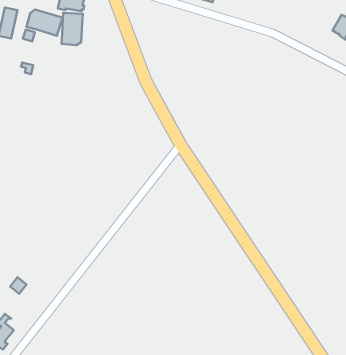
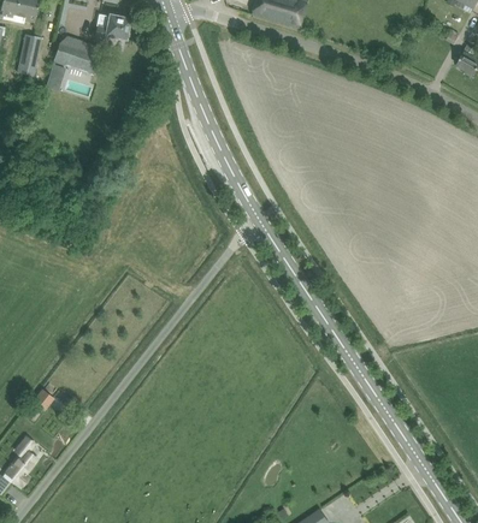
building: [61,13,83,45] -> none

